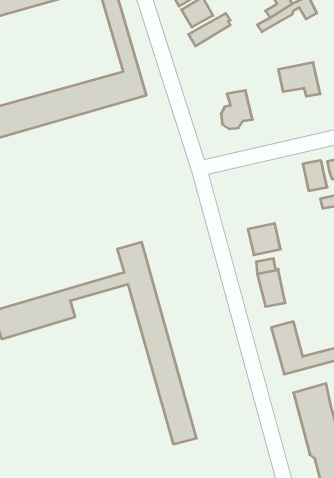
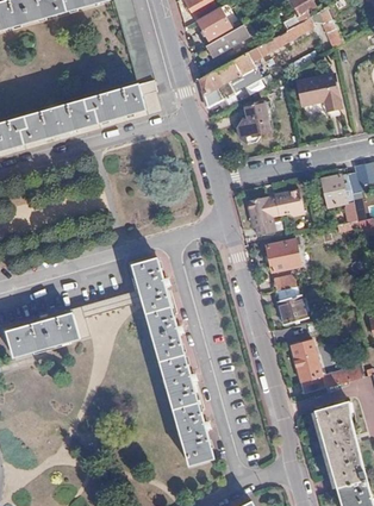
building: none -> [200,49,264,106]
building: none -> [247,186,304,232]

